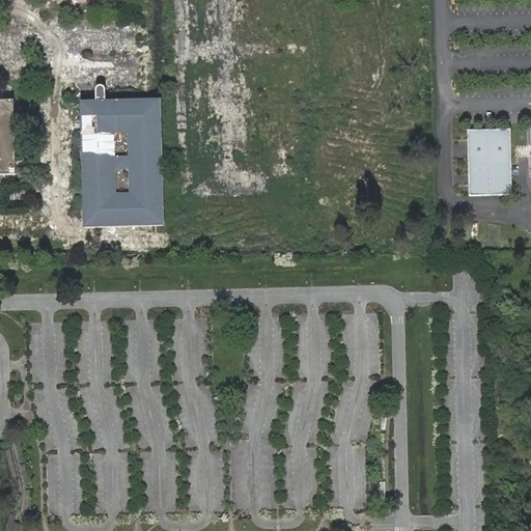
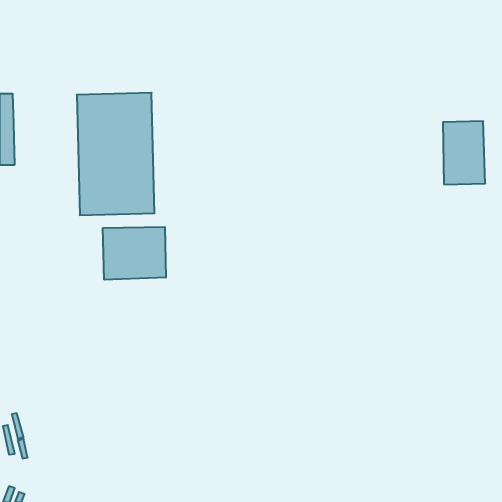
building: none -> [103,227,166,280]

